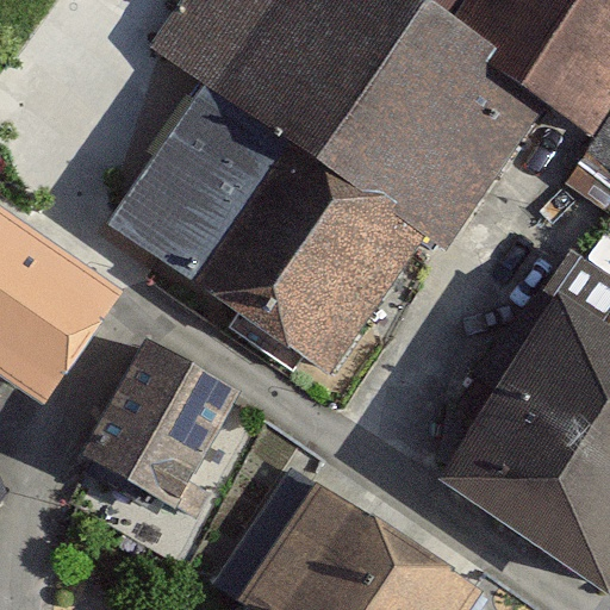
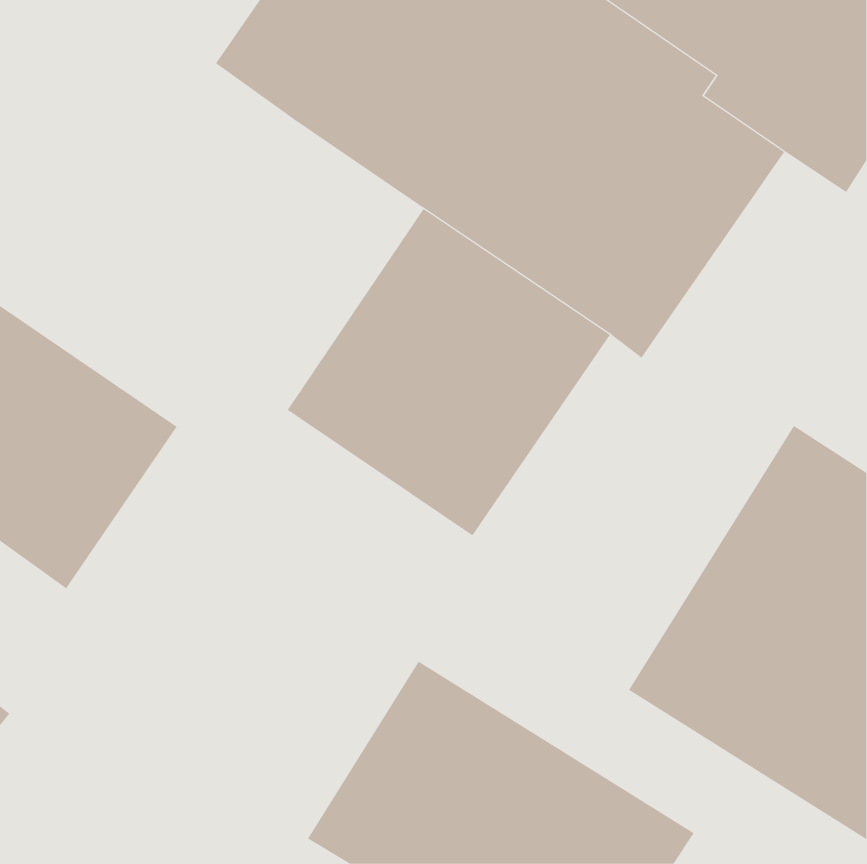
building: [108,83,295,286] -> none
building: [87,347,236,525] -> none

